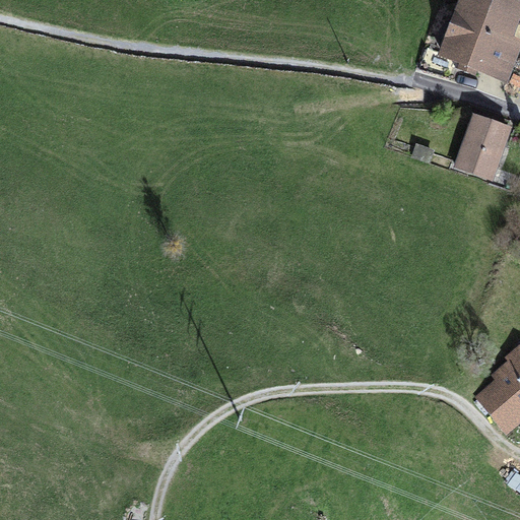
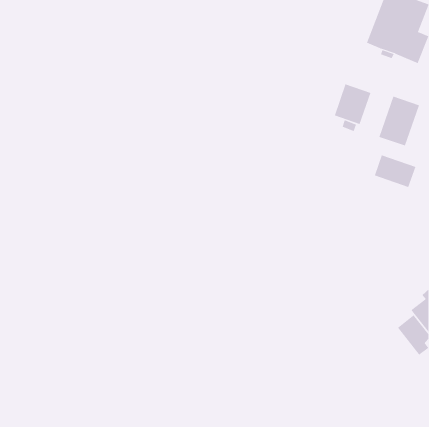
building: none -> [334,84,371,125]
building: none -> [374,155,416,188]

